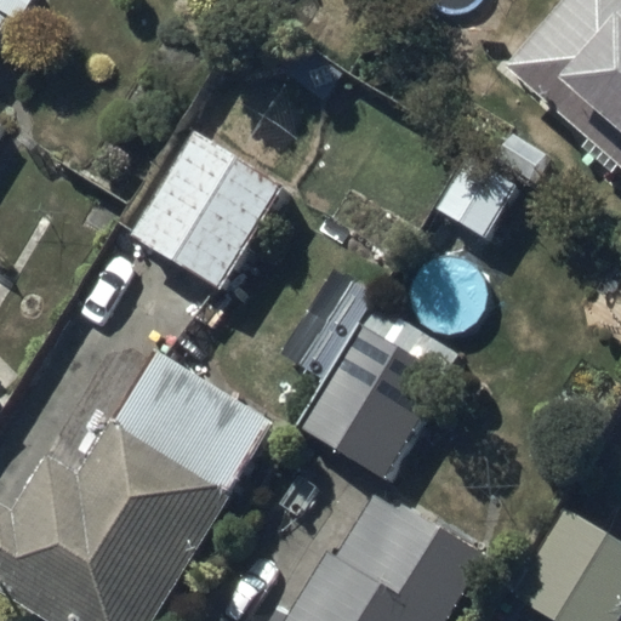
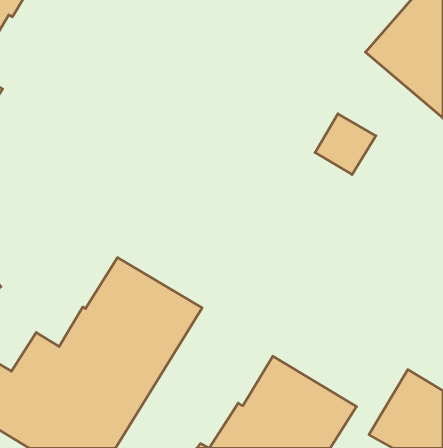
building: [116,133,287,292] -> none
building: [296,304,457,479] -> none

